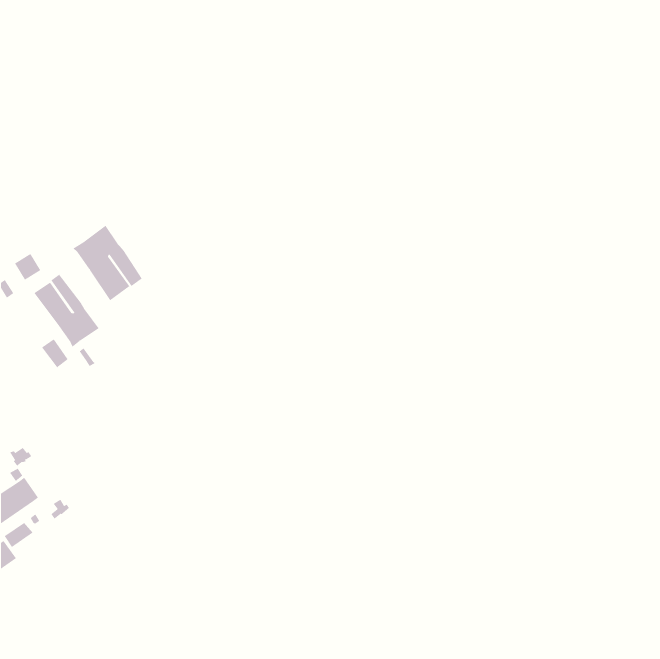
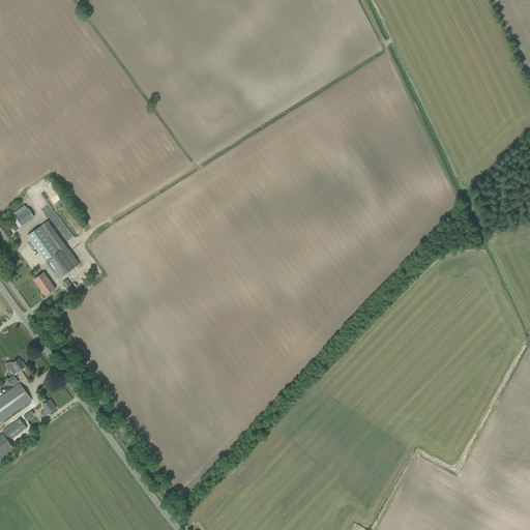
building: [73,225,142,301] -> none

